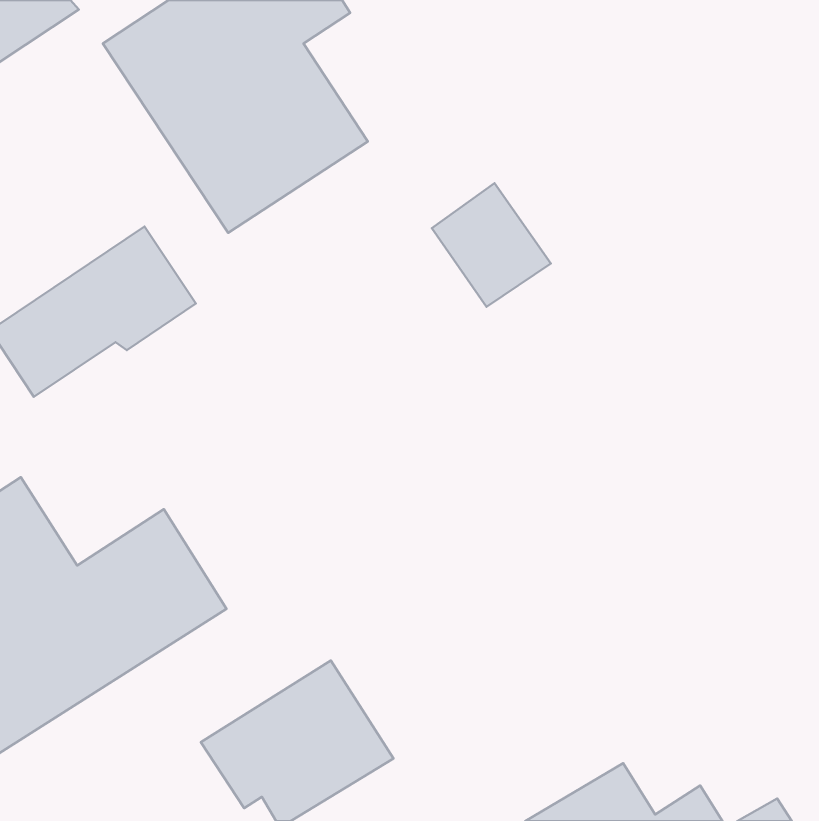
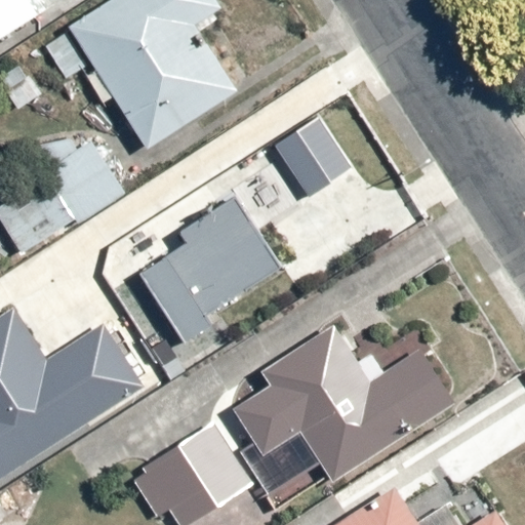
building: none -> [135,196,283,339]
building: none -> [231,328,451,512]

